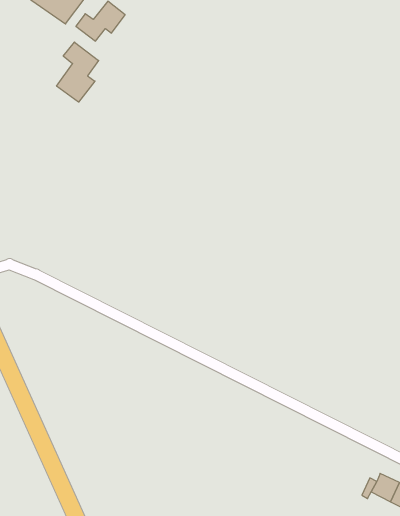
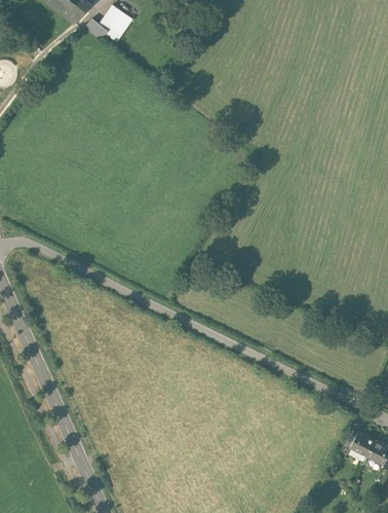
building: [57,42,99,102] -> none

